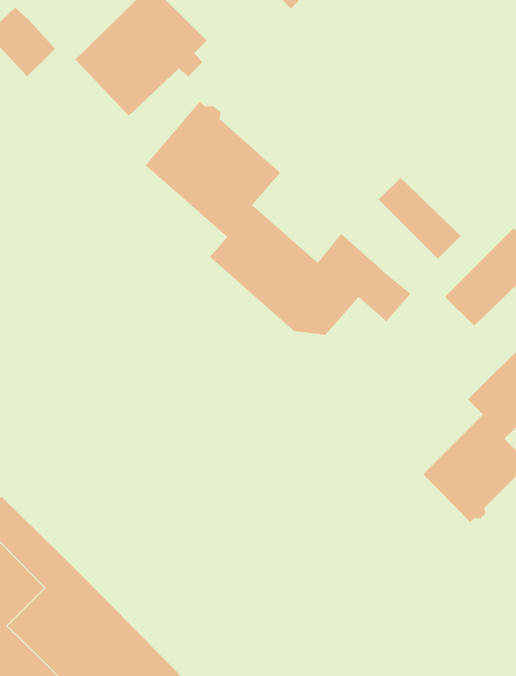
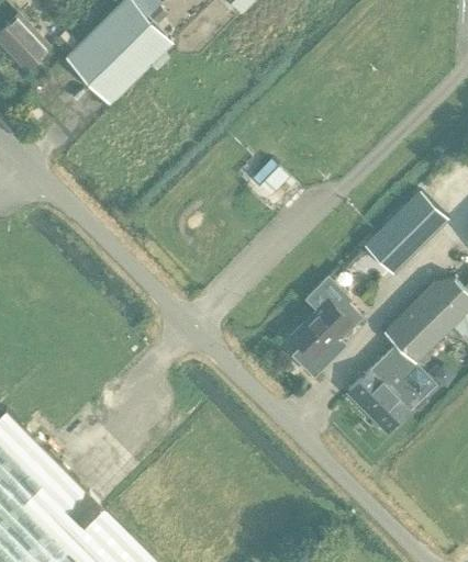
building: [145,101,411,336] -> none
building: [378,177,461,259] -> none
building: none -> [290,279,363,379]

